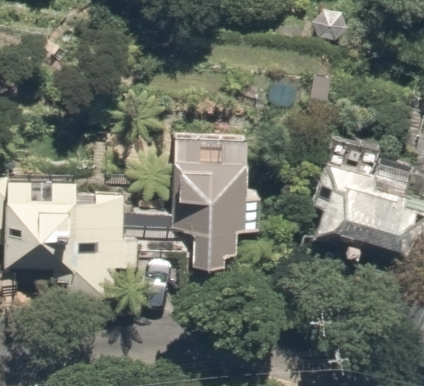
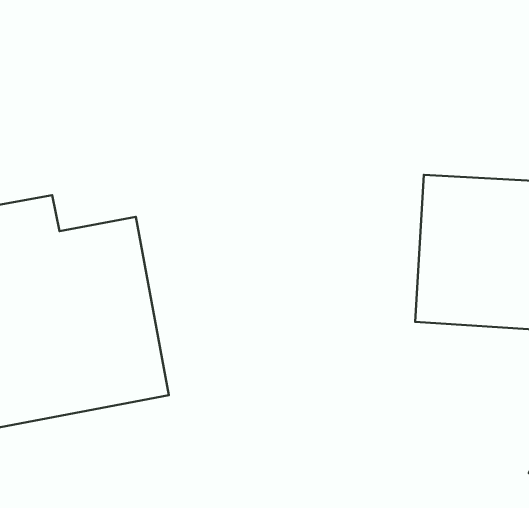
building: [162,137,239,286] -> none

